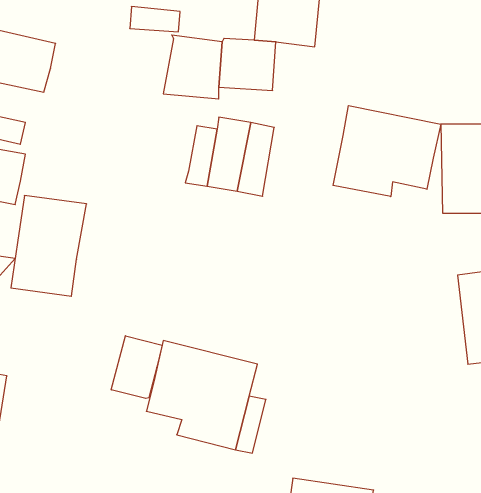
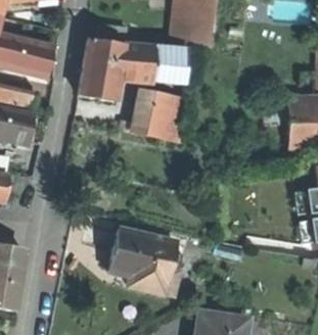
building: [333,106,441,197] -> none
building: [11,196,87,296] -> [79,39,125,100]
building: [111,336,162,398] -> none

